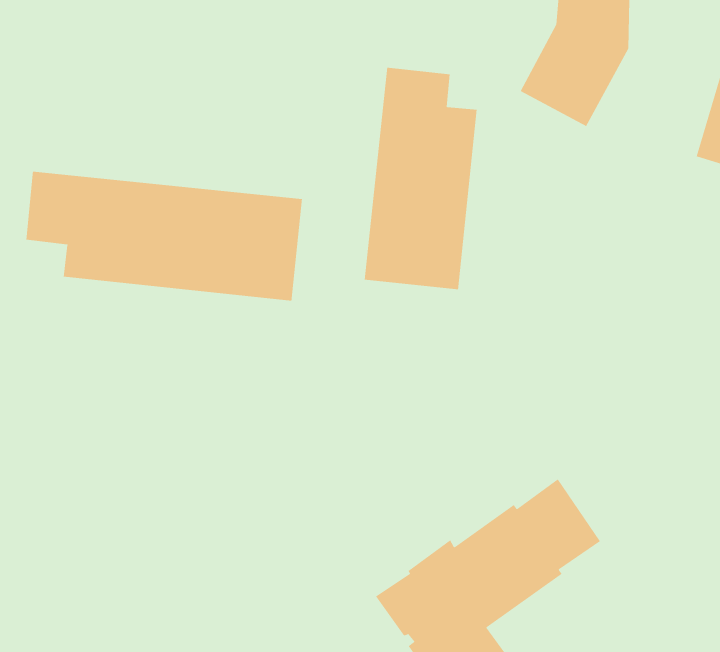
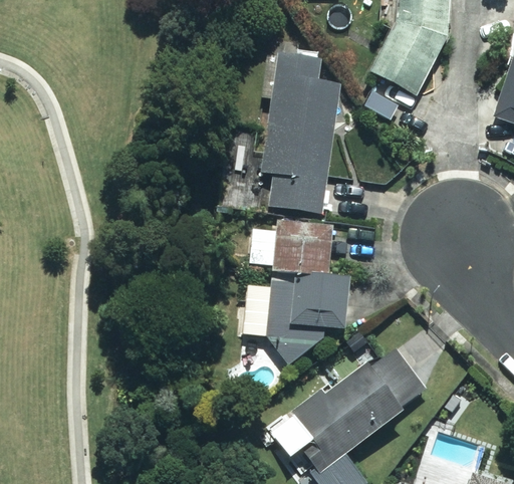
building: [26,171,303,302] -> none
building: none -> [237,223,348,366]

